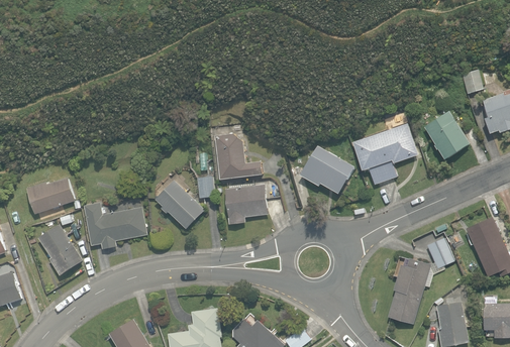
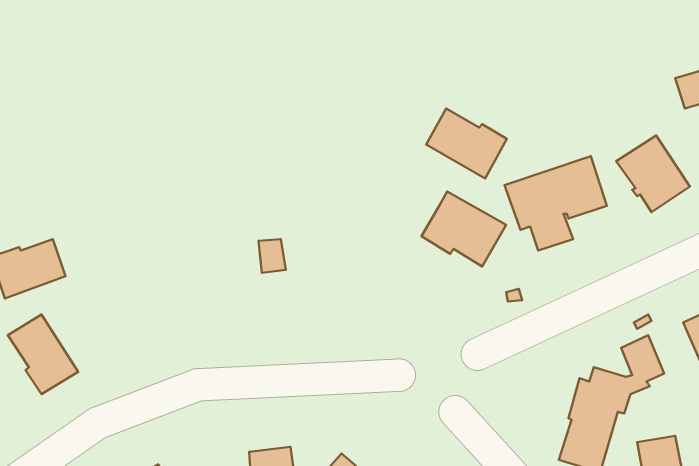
building: none -> [426,108,507,178]
building: [214,133,262,180] -> none
building: [156,180,204,228] -> none
building: [224,185,267,224] -> none
building: [84,202,146,248] -> none

